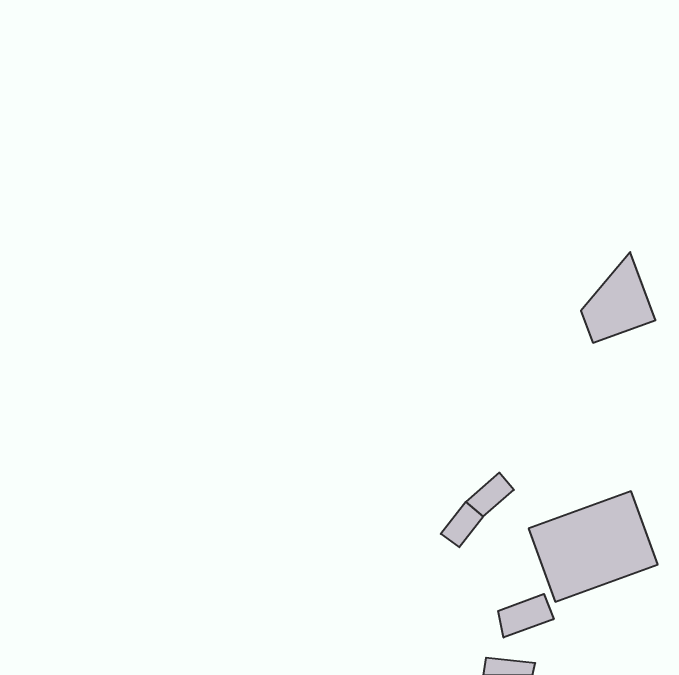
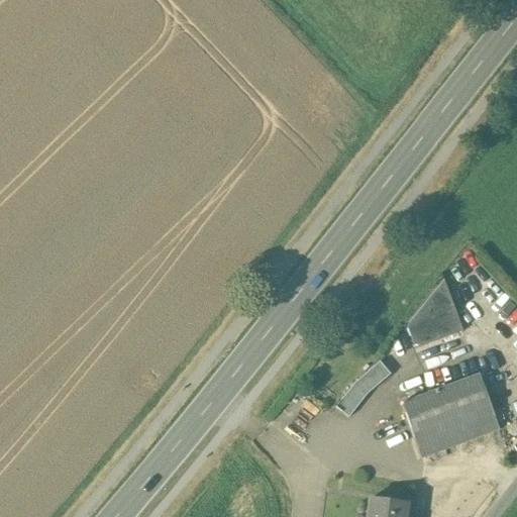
building: [581,252,656,343] -> [408,278,464,346]
building: [498,594,554,638] -> none

